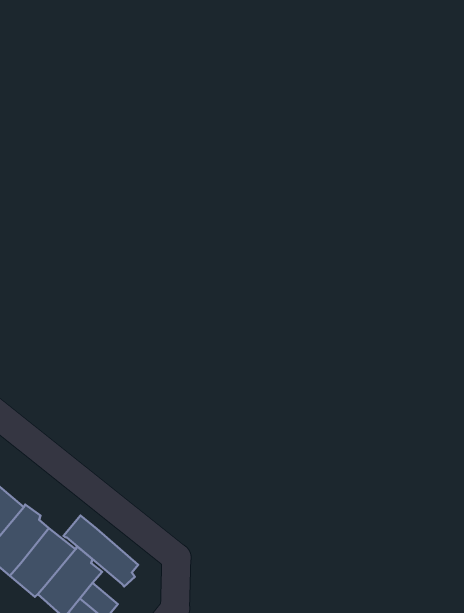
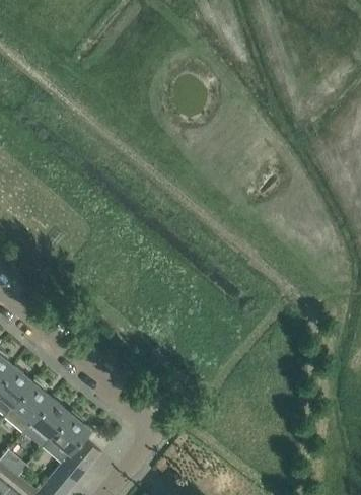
building: [63,516,138,587] -> none

